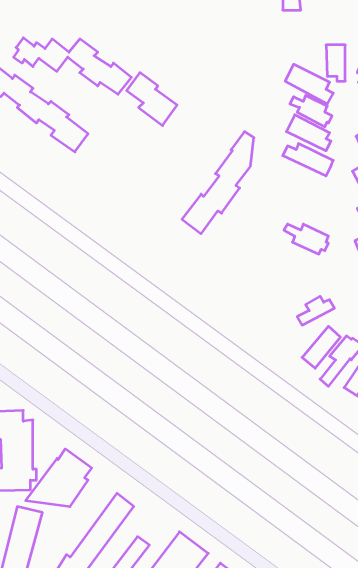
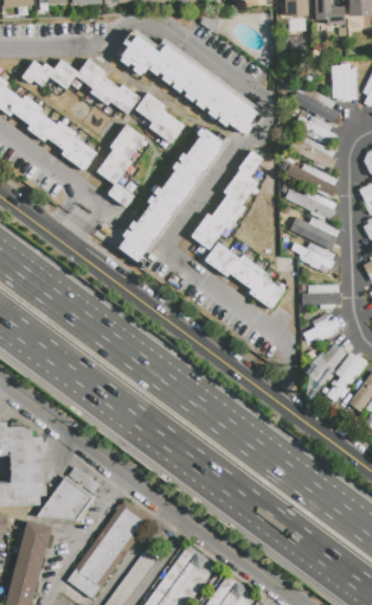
building: none -> [117,28,262,136]
building: none -> [96,125,143,206]
building: none -> [118,126,231,262]
building: none -> [290,189,335,219]
building: none -> [289,216,339,249]
building: none -> [203,242,282,310]
building: none -> [301,284,339,305]

